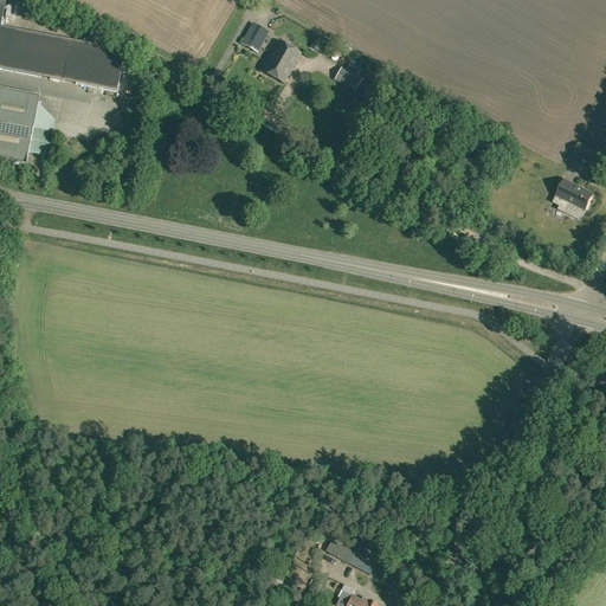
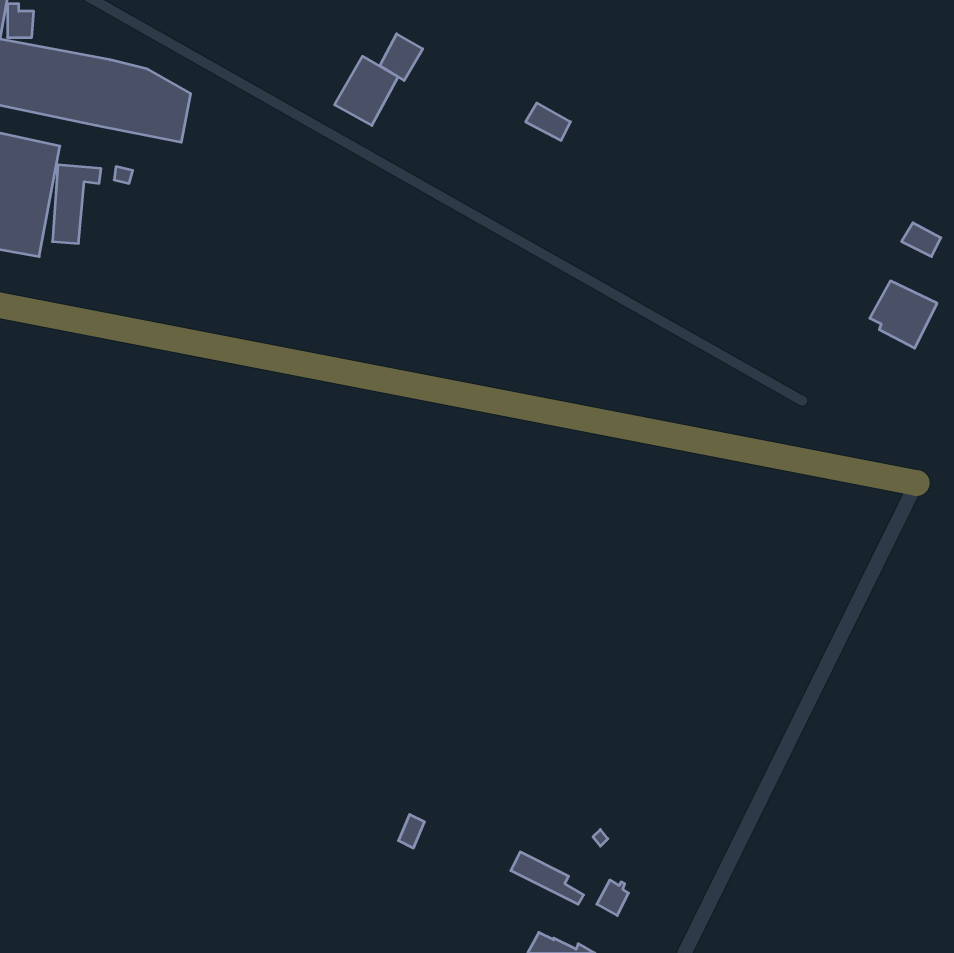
building: [259,38,299,82] -> [335,56,398,126]

